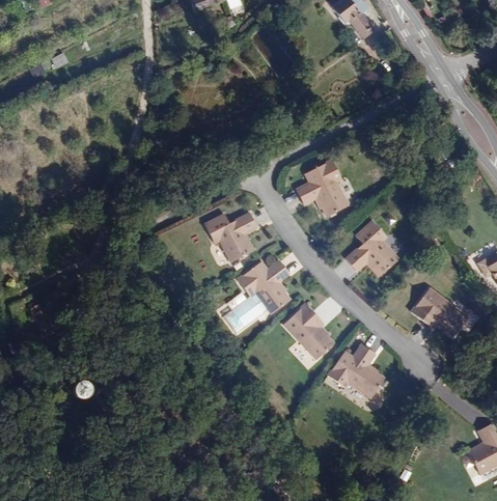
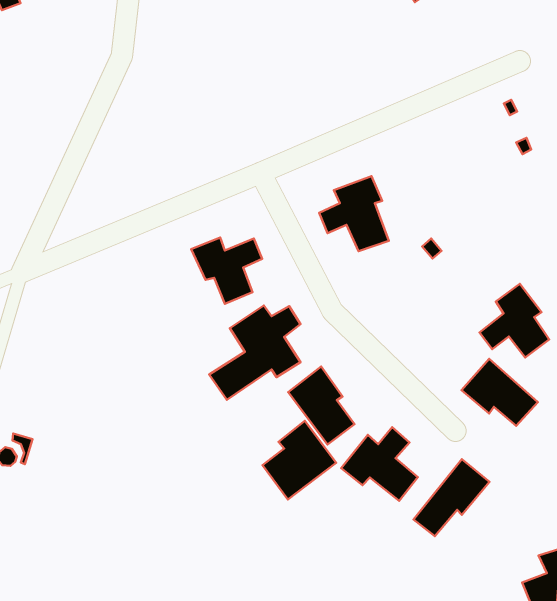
building: [346,221,397,275] -> [479,284,549,357]
building: none -> [262,421,336,499]
building: none -> [413,459,490,536]

